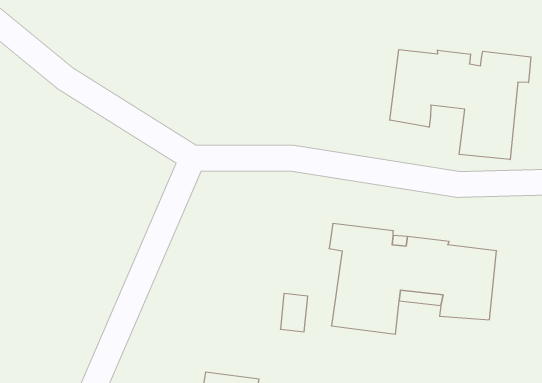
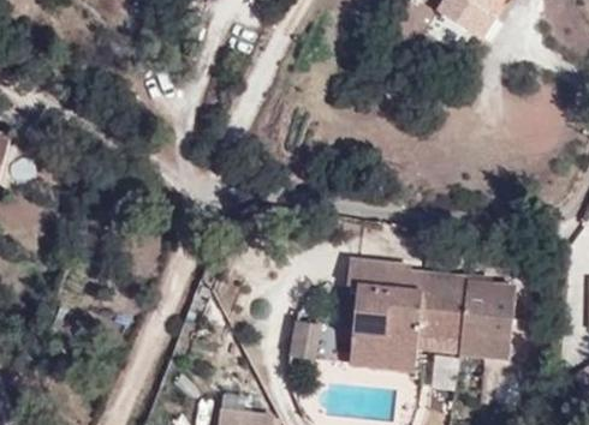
building: [390,50,531,160] -> none

